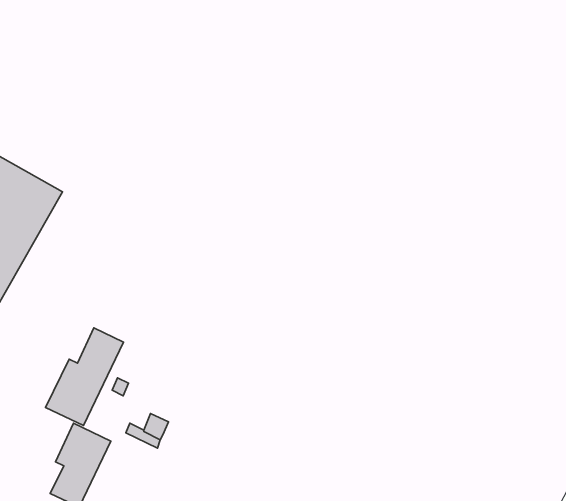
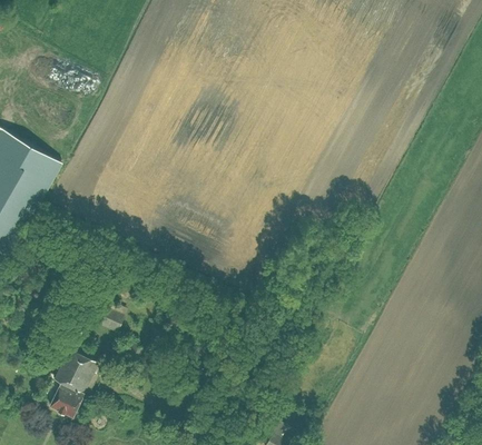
building: [45,328,123,426] -> none

